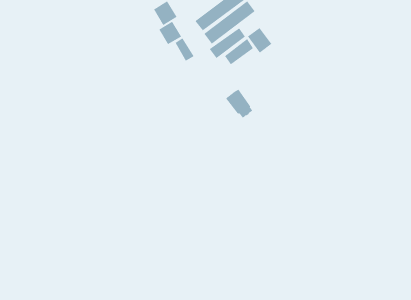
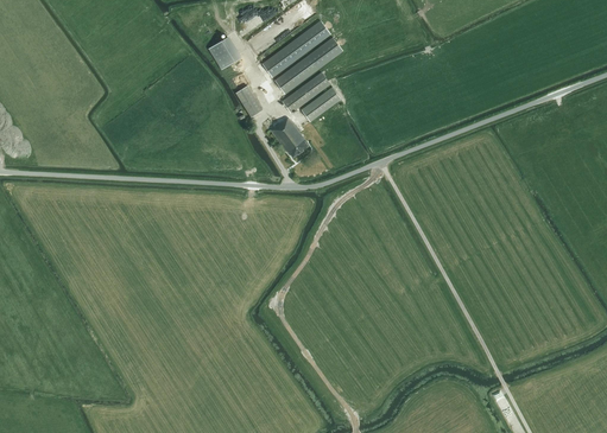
building: [158,21,182,45] -> none
building: [247,27,272,53] -> none
building: [225,89,253,118] -> [271,117,308,157]

